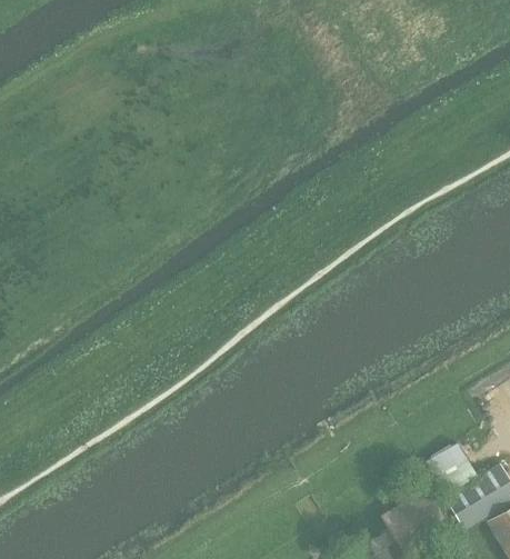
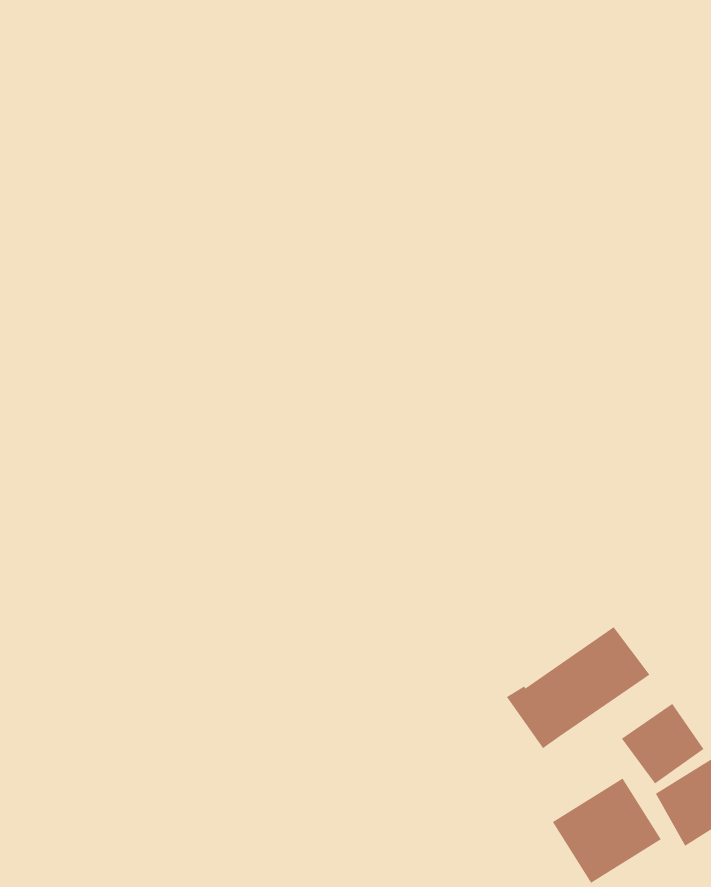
building: none -> [506,626,650,749]

